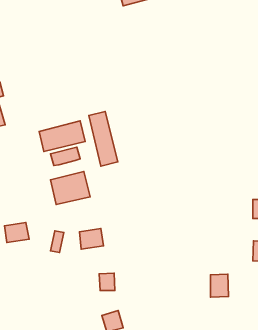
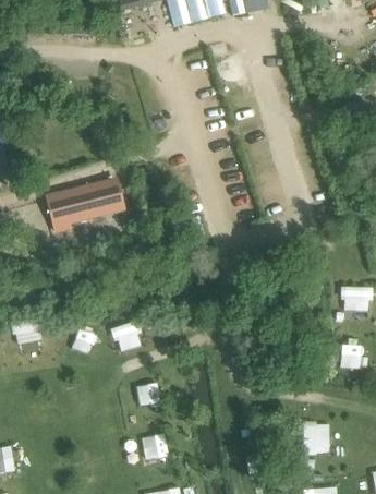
building: [89,112,118,166] -> none
building: [50,172,90,204] -> none
building: [210,274,229,297] -> [303,422,327,453]

